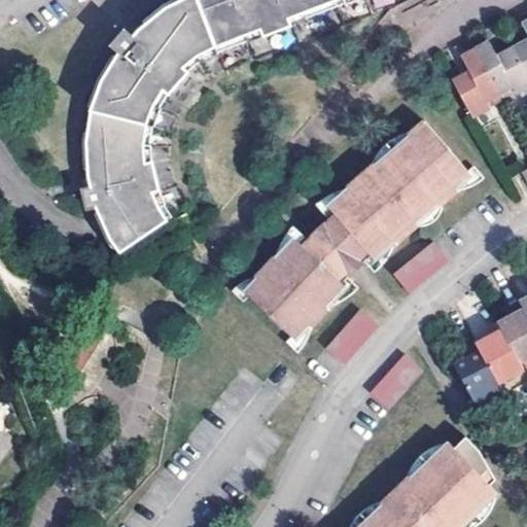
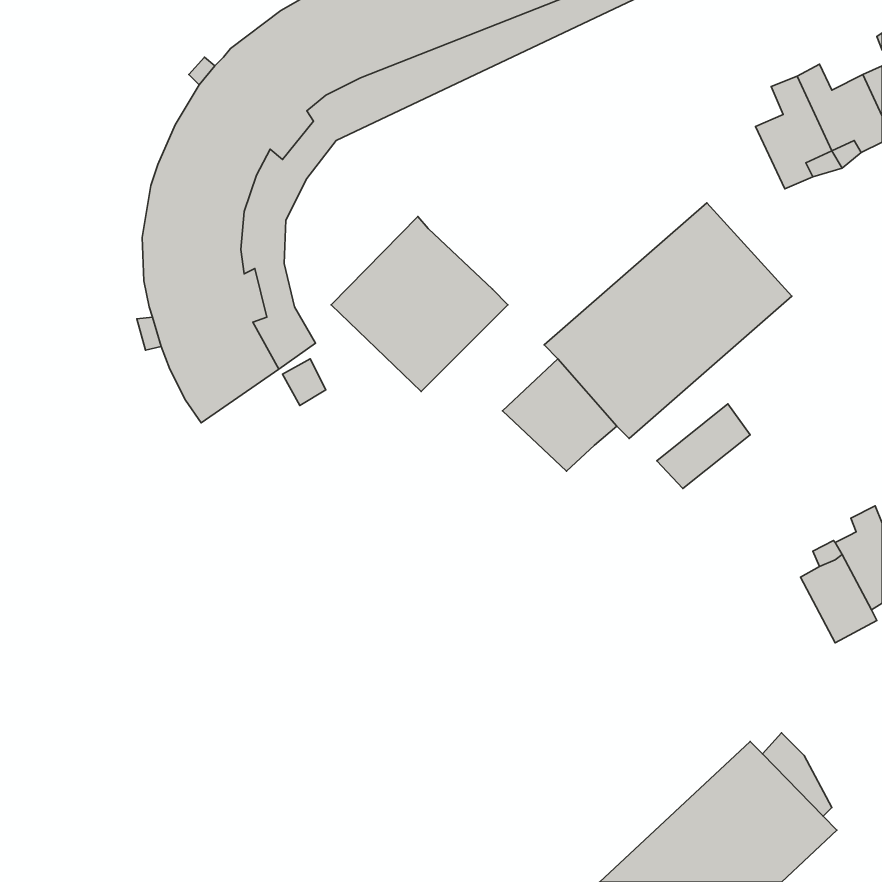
building: [241,237,346,341] -> [331,216,508,391]
building: [323,310,375,364] -> none
building: [452,343,501,405] -> none
building: [367,352,422,408] -> none

